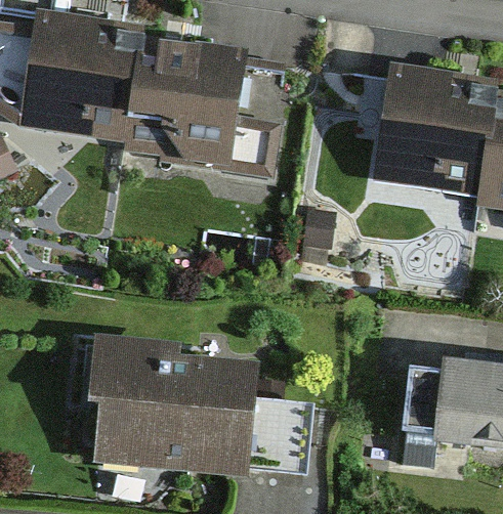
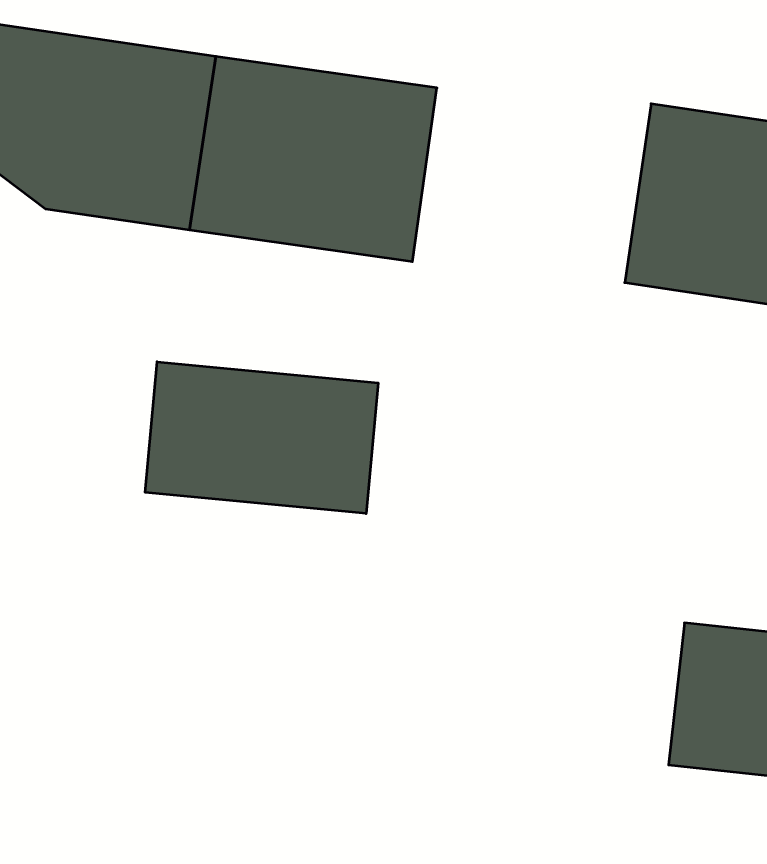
building: none -> [145,362,378,514]
building: [93,335,305,459] -> none

